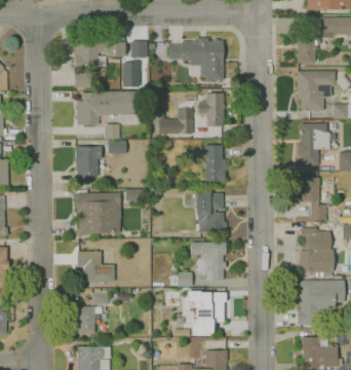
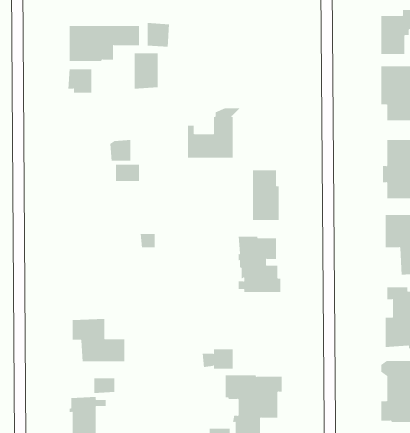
building: [169,38,223,80] -> none
building: [77,91,139,124] -> none
building: [197,92,225,126] -> none
building: [76,146,102,183] -> none
building: [75,192,121,235] -> none
building: [191,242,226,280] -> none

